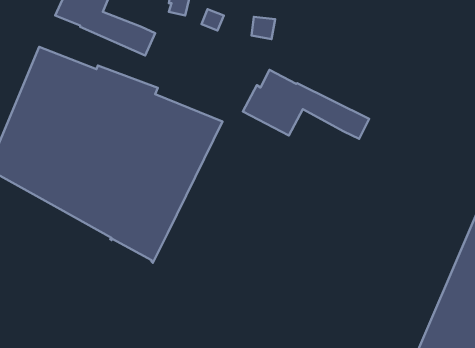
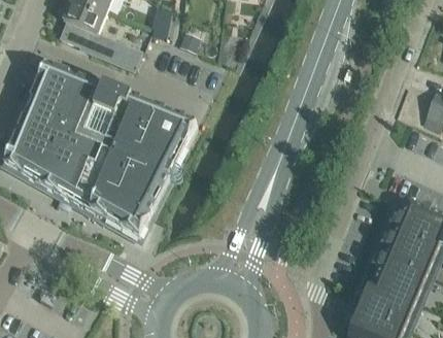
building: [243,70,369,139] -> none

